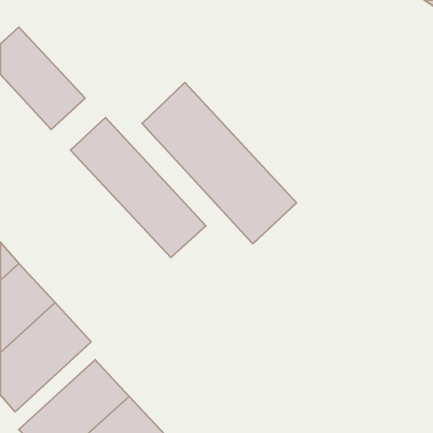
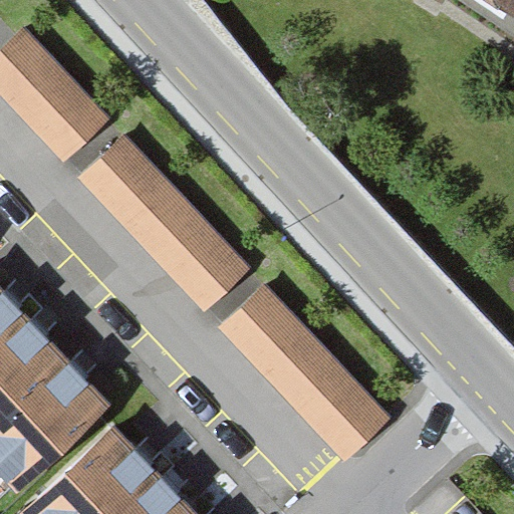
building: [142,83,296,244] -> none
building: none -> [223,290,383,456]

